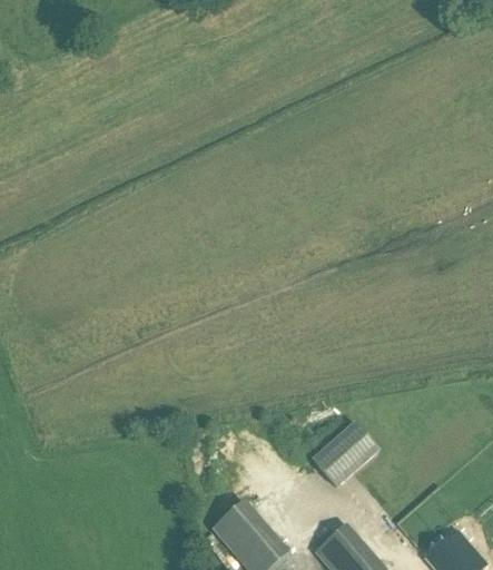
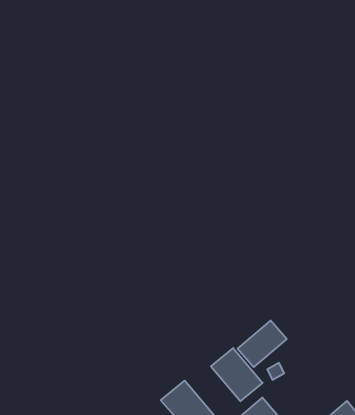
building: none -> [211,348,263,401]

